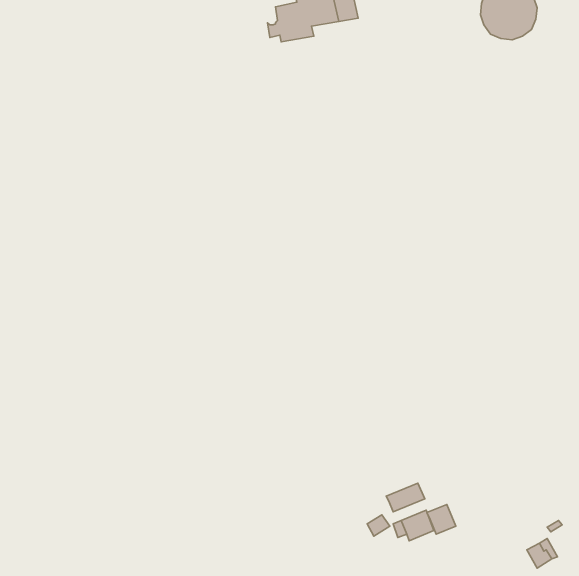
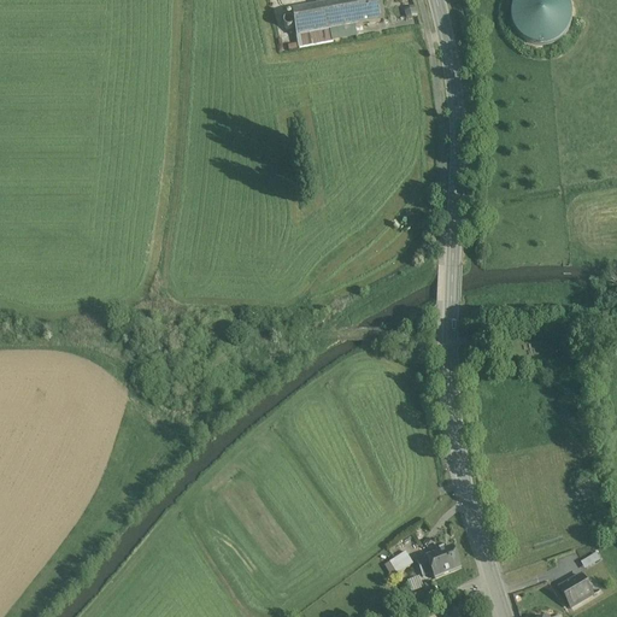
building: [386,483,425,512] -> none
building: [427,504,456,534] -> none

